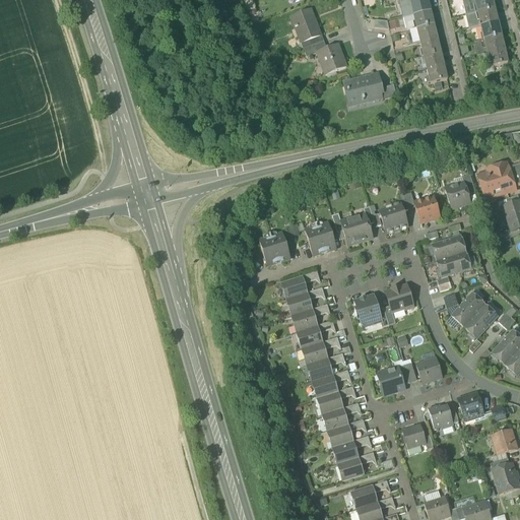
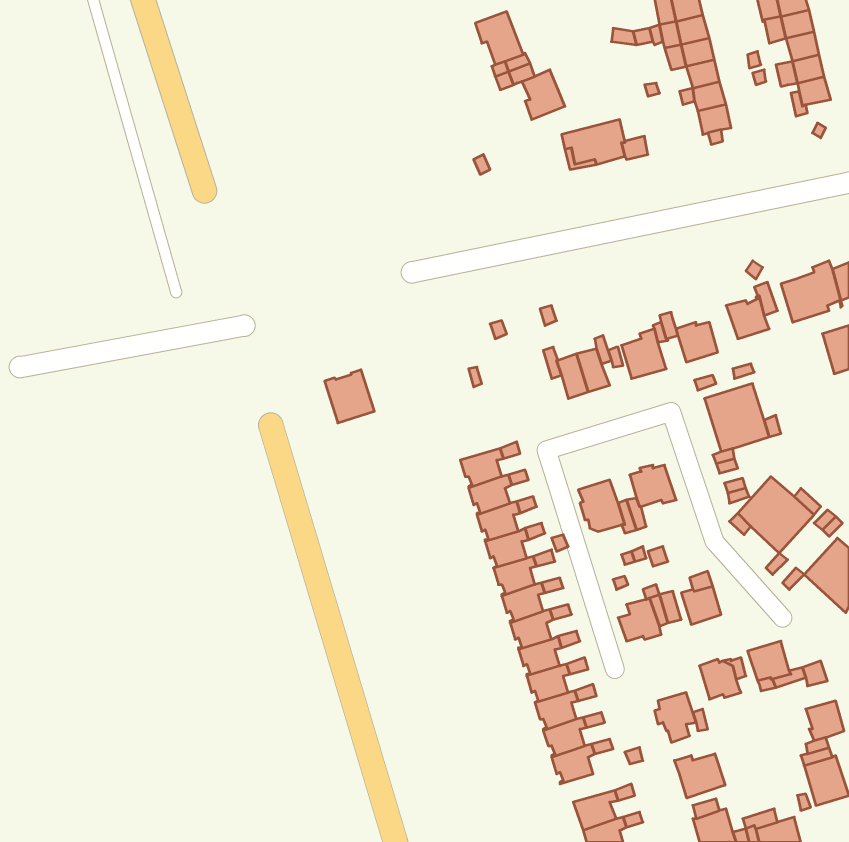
building: [305,221,335,255] -> none
building: [259,232,289,264] -> [325,370,374,423]
building: none -> [674,754,725,798]

